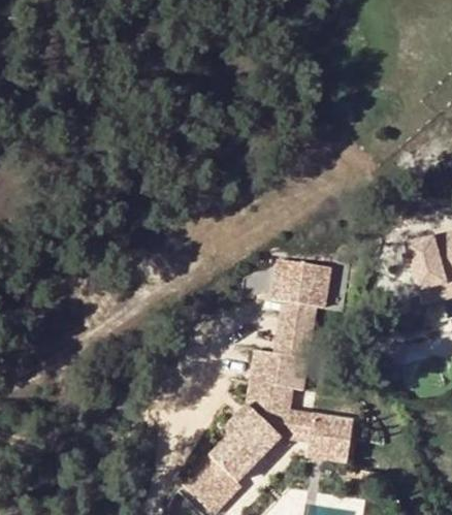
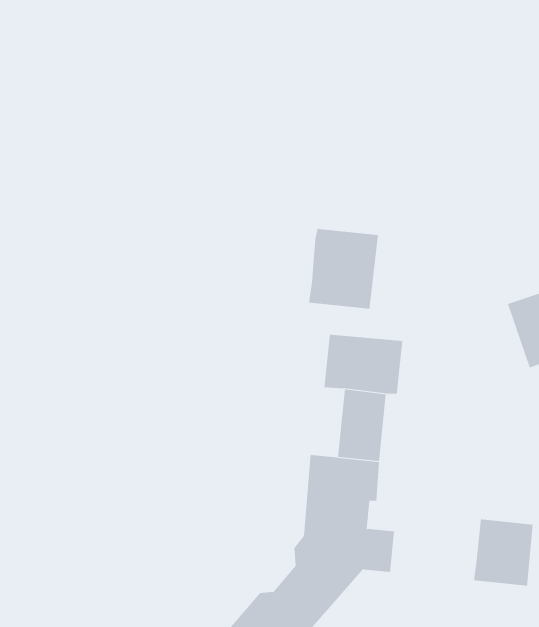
building: none -> [309,228,378,309]
building: [311,412,356,462] -> [473,519,533,586]

